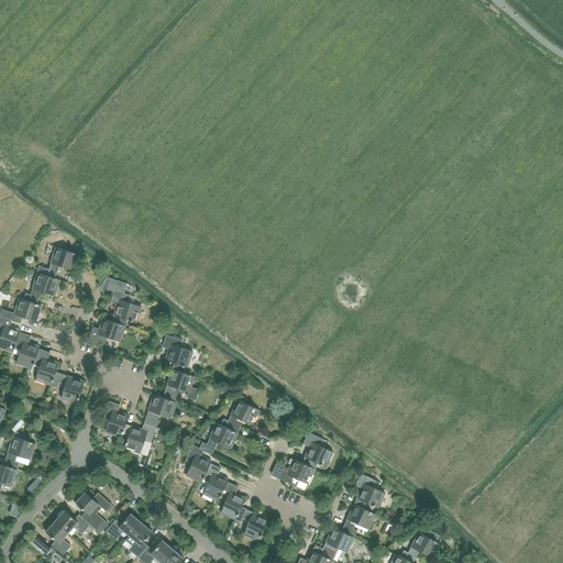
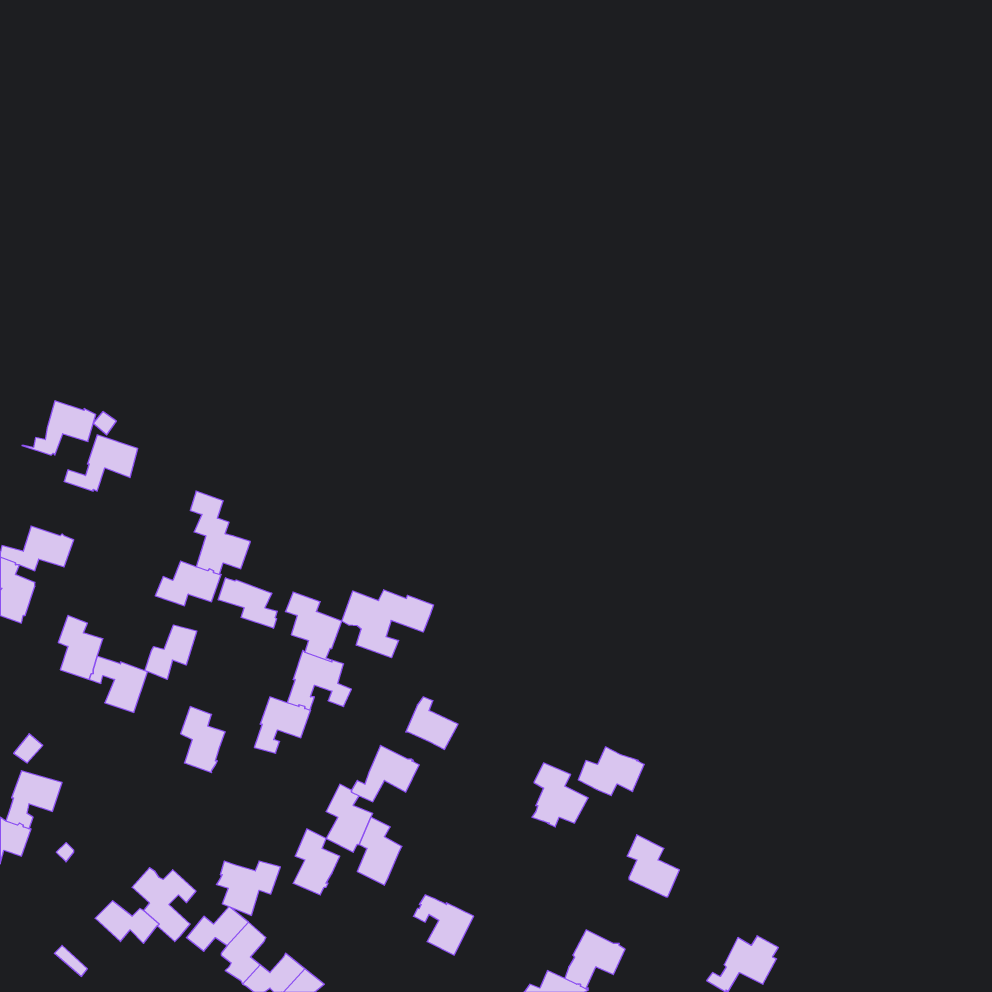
building: [18,273,59,303] -> [22,401,96,455]
building: none -> [218,578,277,628]
building: [14,332,38,368] -> none
building: none -> [342,590,433,658]
building: none -> [145,625,197,679]
building: [120,423,156,454] -> [216,861,280,915]
building: [277,459,314,486] -> [578,747,644,796]
building: [219,482,245,519] -> [293,829,340,895]
building: [341,504,375,538] -> none
building: [45,520,70,555] -> none

